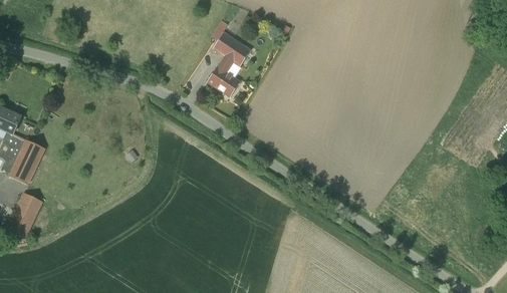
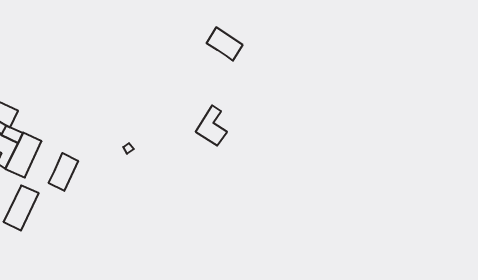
building: [207,54,239,95] -> [196,105,227,146]
building: none -> [49,153,78,191]

